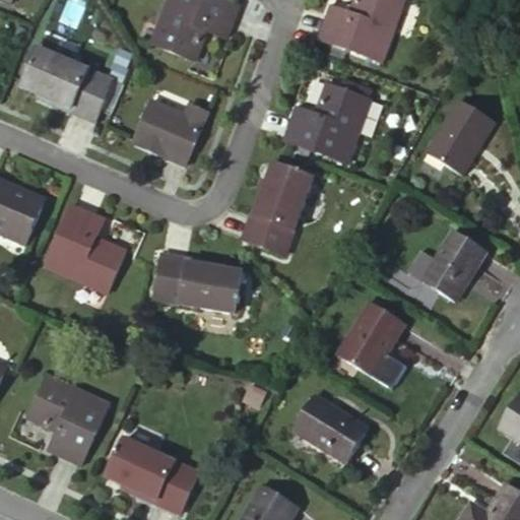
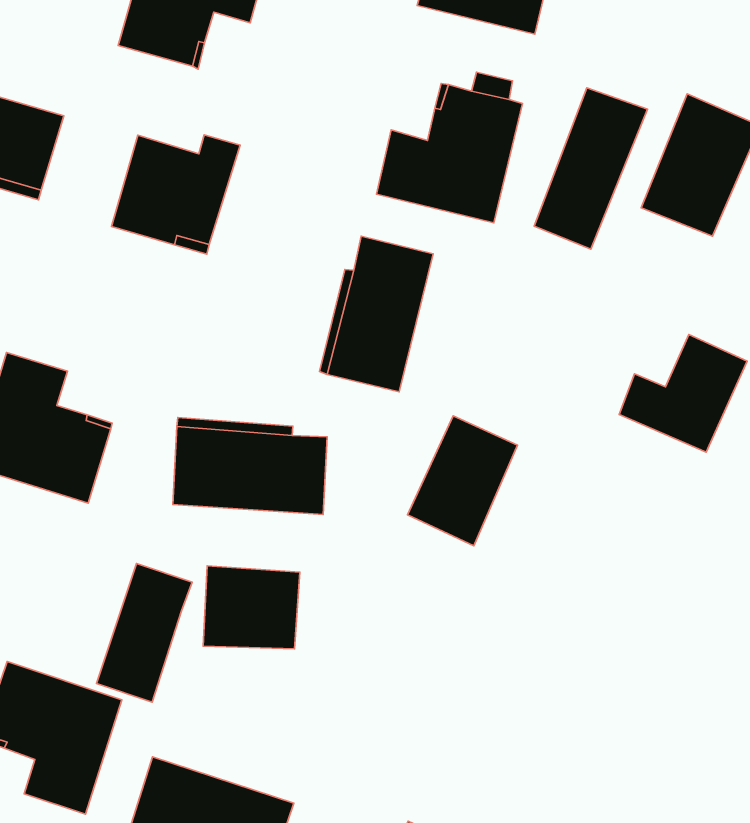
building: none -> [534,88,647,249]
building: [336,308,401,381] -> [408,416,517,546]
building: none -> [96,563,192,702]
building: none -> [203,566,300,649]
building: [294,399,366,464] -> none

